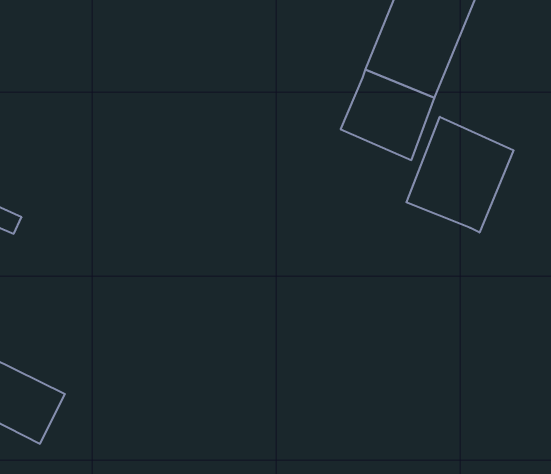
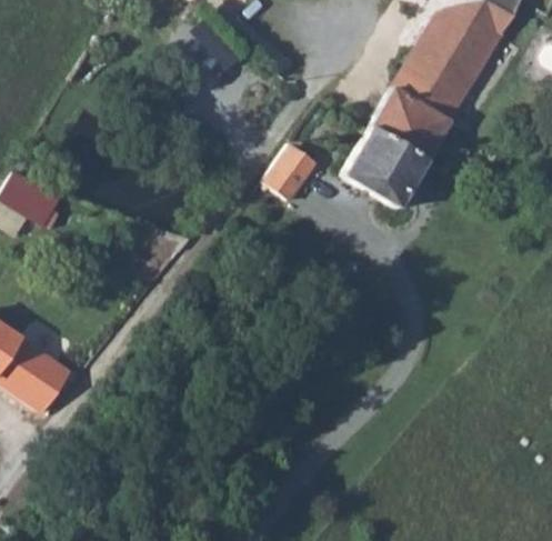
building: none -> [262,143,314,200]
building: [406,117,514,233] -> none

